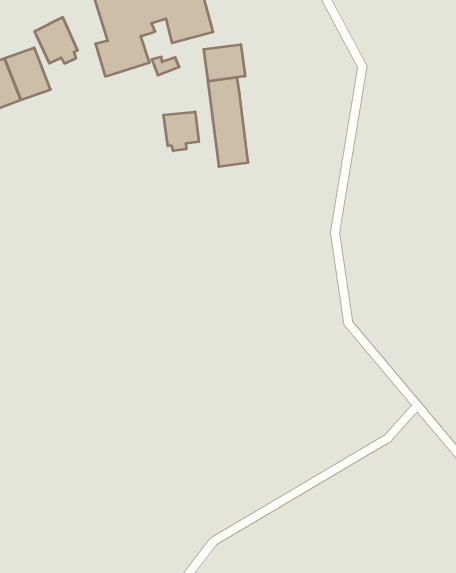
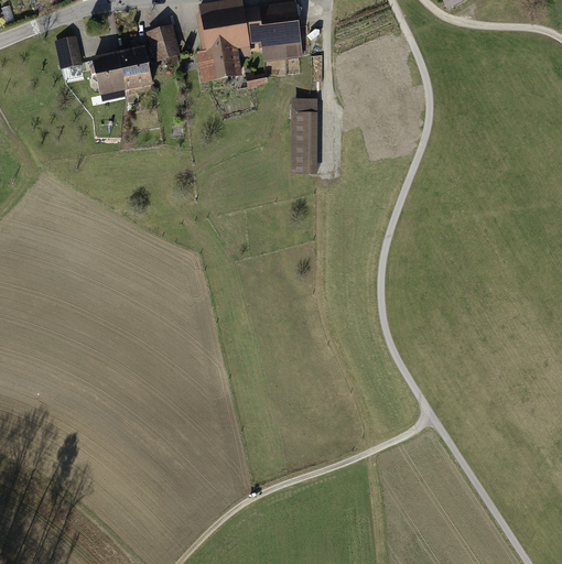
building: [204,44,245,81] -> none
building: [163,112,199,151] -> none

